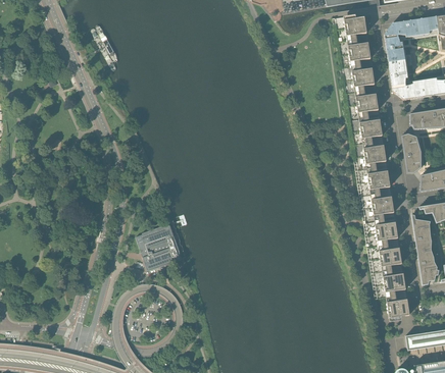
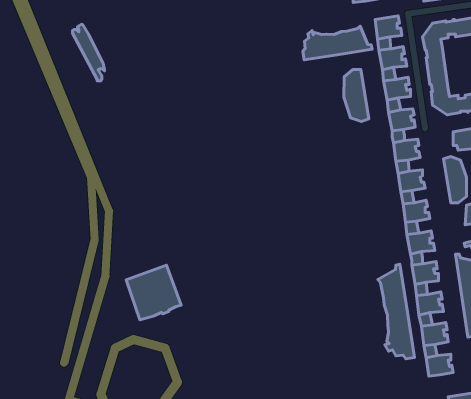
building: none -> [303,26,372,60]
building: none -> [344,69,369,122]
building: none -> [378,264,414,359]

